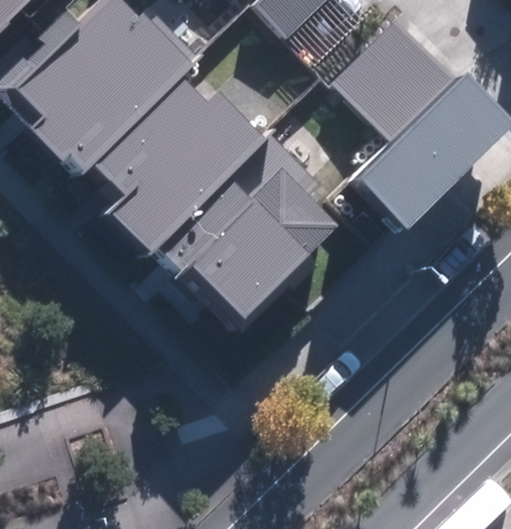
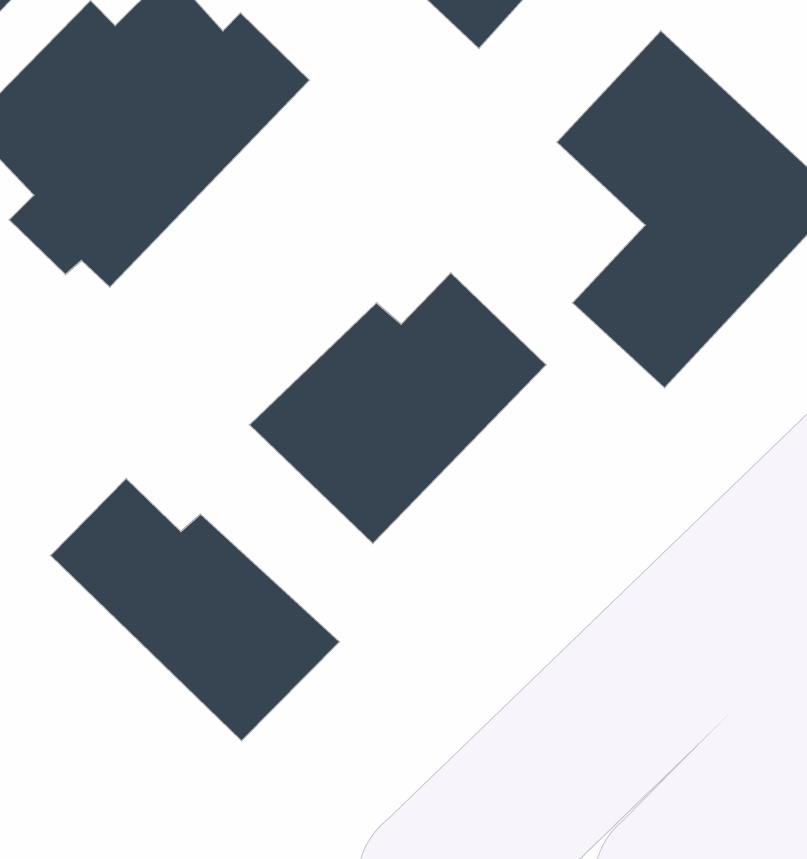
building: [98,85,264,256] -> none
building: none -> [51,478,340,741]

